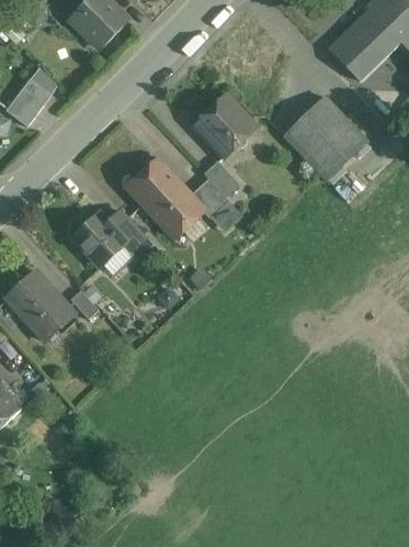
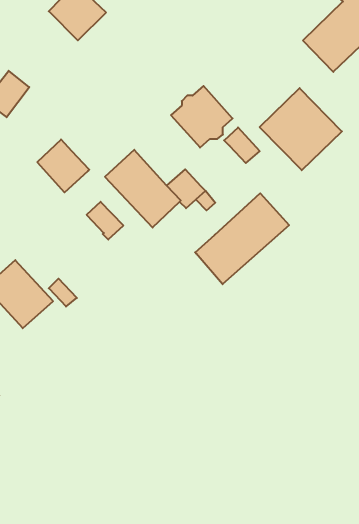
building: [203,159,239,196] -> [224,127,260,163]
building: none -> [195,193,289,284]
building: [73,212,126,266] -> [37,139,89,192]

